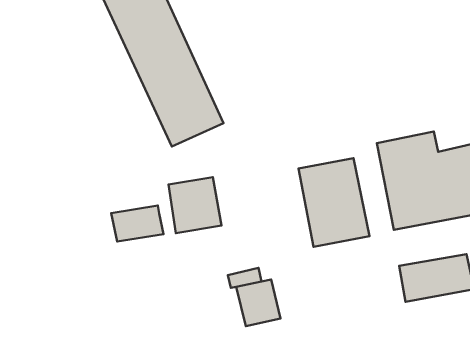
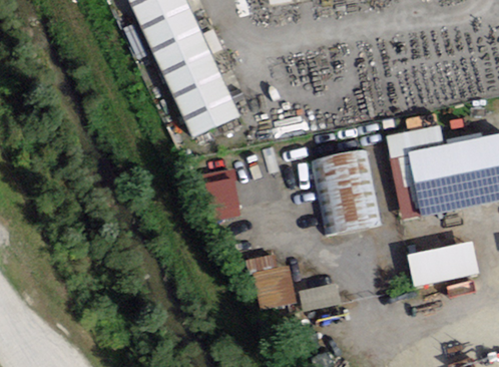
building: [111,206,164,242] -> none
building: none -> [299,282,340,311]

